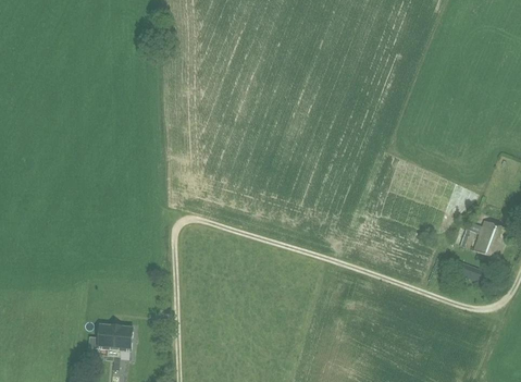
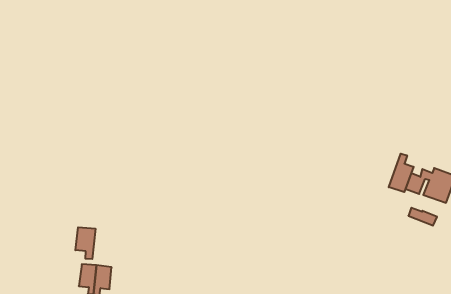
building: none -> [389,154,414,192]
building: none -> [75,227,95,259]

